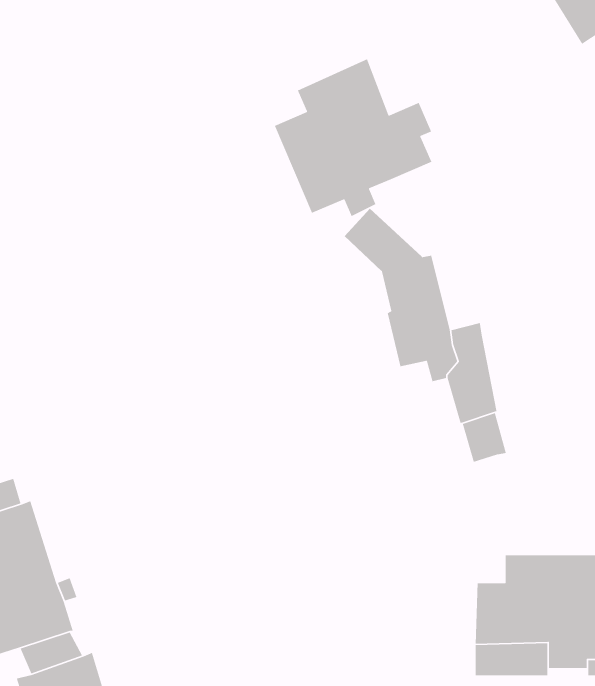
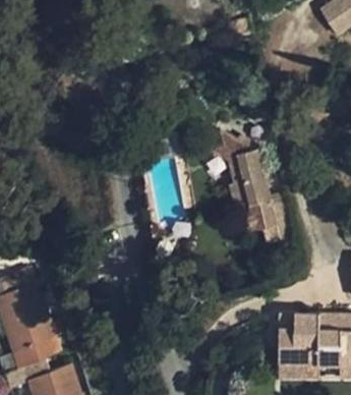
building: [274,58,432,217] -> none

